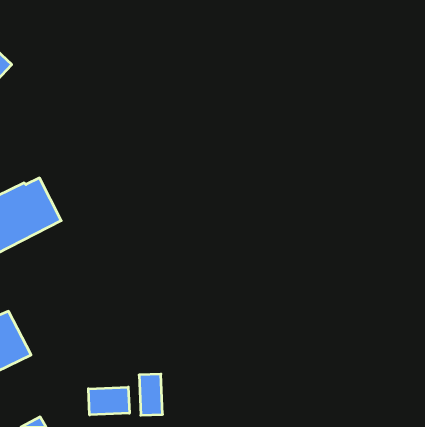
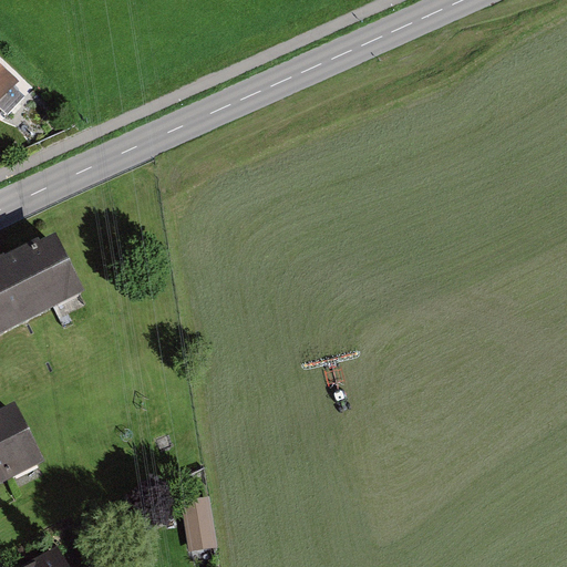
building: [88,387,129,415] -> none

